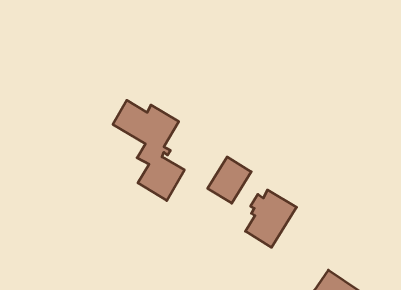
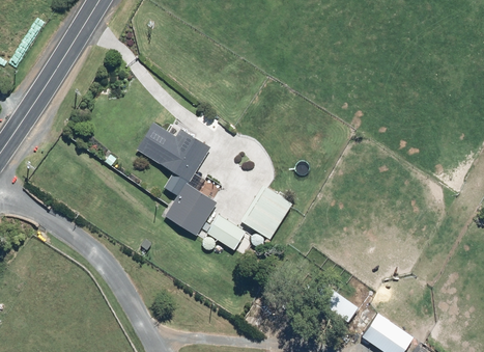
building: none -> [208,216,245,249]
building: [245,190,297,247] -> none

